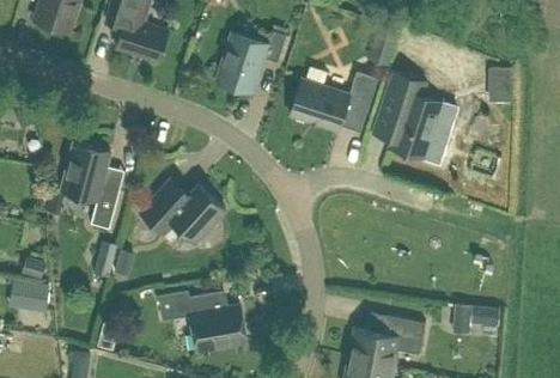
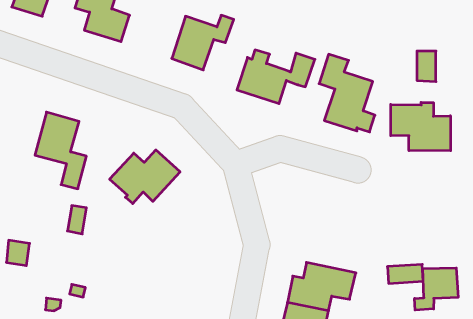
building: none -> [391,102,451,151]
building: [158,289,244,349] -> none
building: none -> [415,268,458,310]

